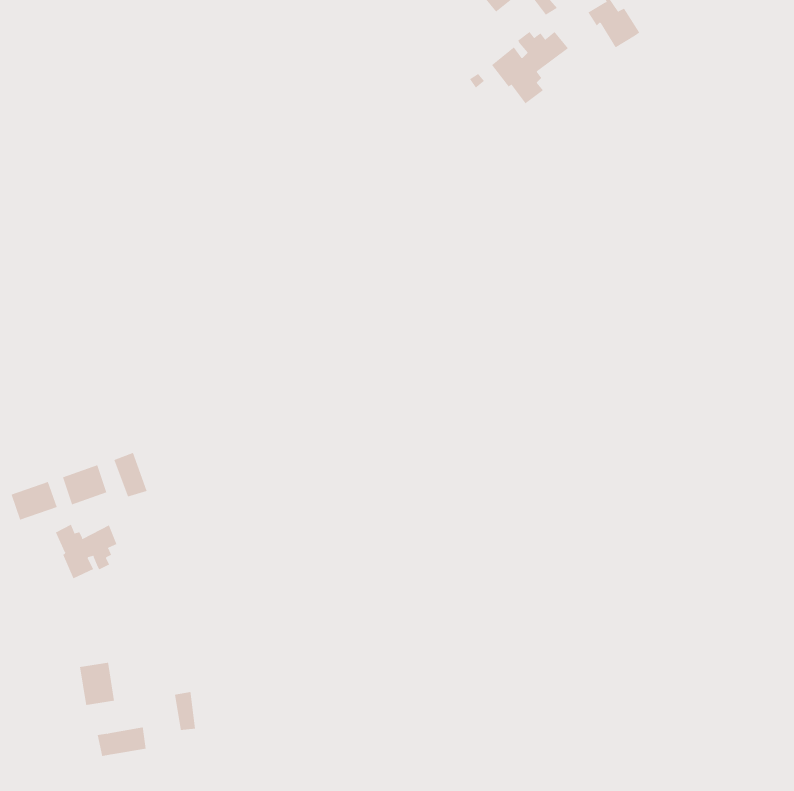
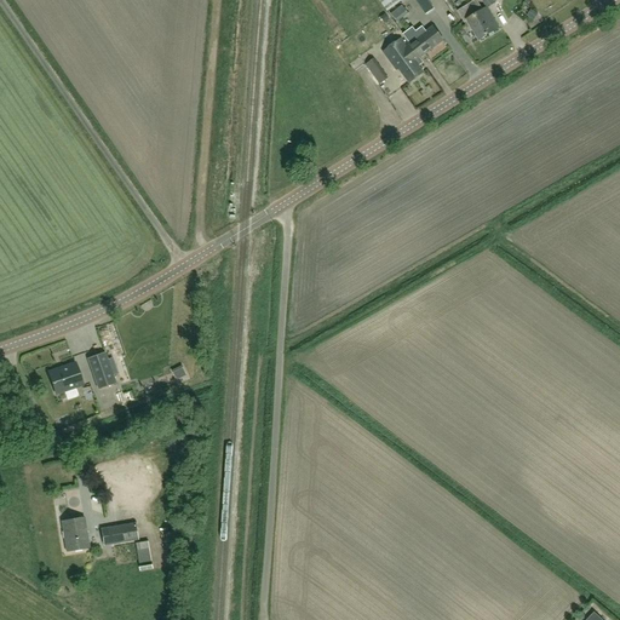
building: [11,481,57,520] -> none
building: [55,524,117,579] -> none
building: [97,727,147,756] -> [101,521,139,544]

